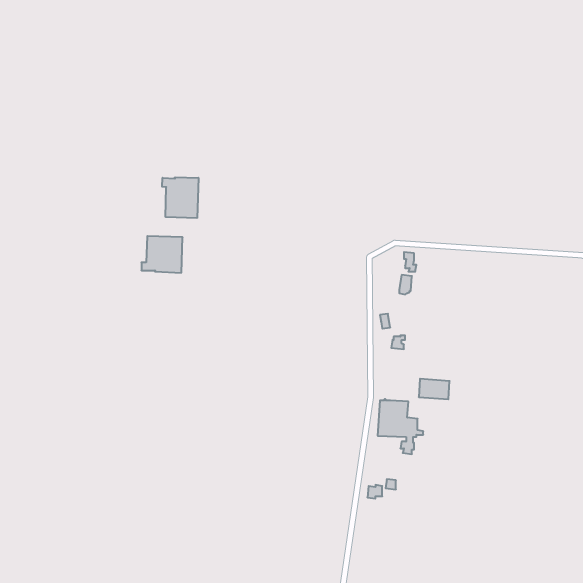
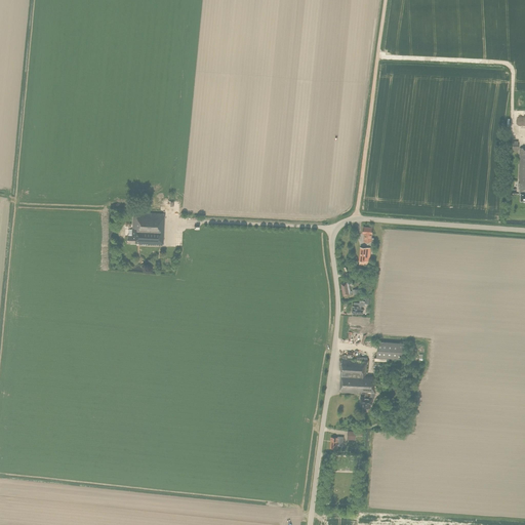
building: [162,177,198,218] -> none

